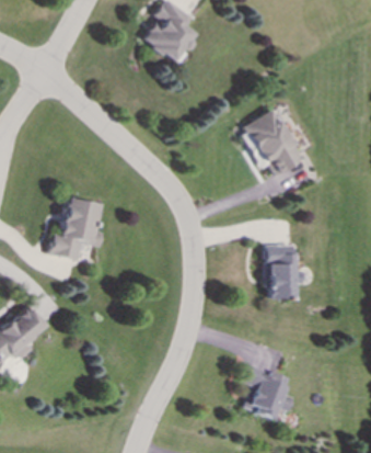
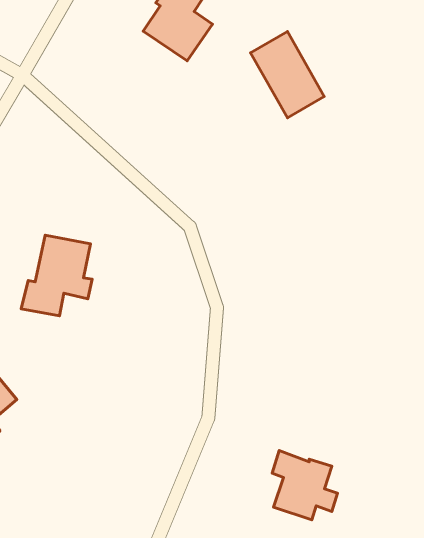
building: [244,109,301,175] -> [250,31,324,118]
building: [264,245,302,298] -> none

